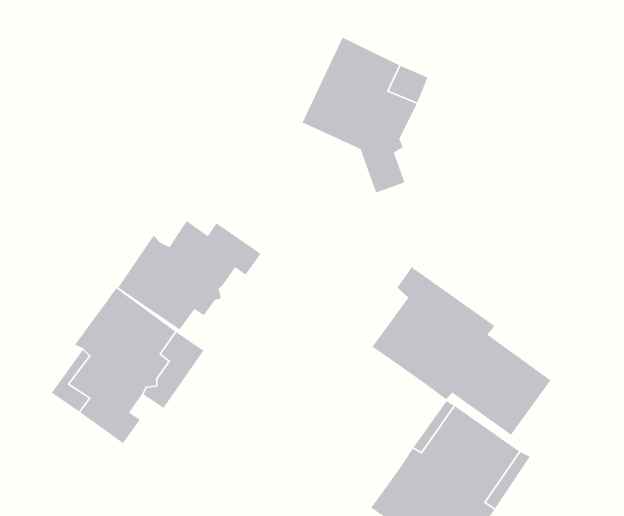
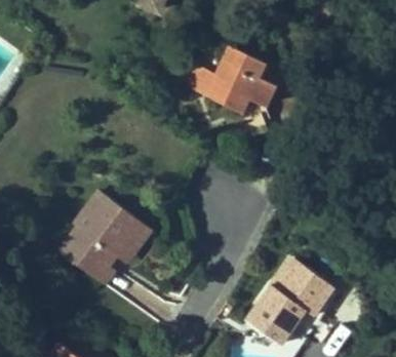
building: [117,220,262,330] -> none
building: [372,266,551,436] -> none

